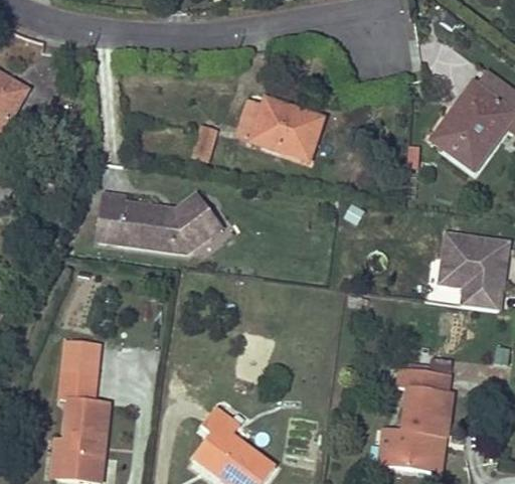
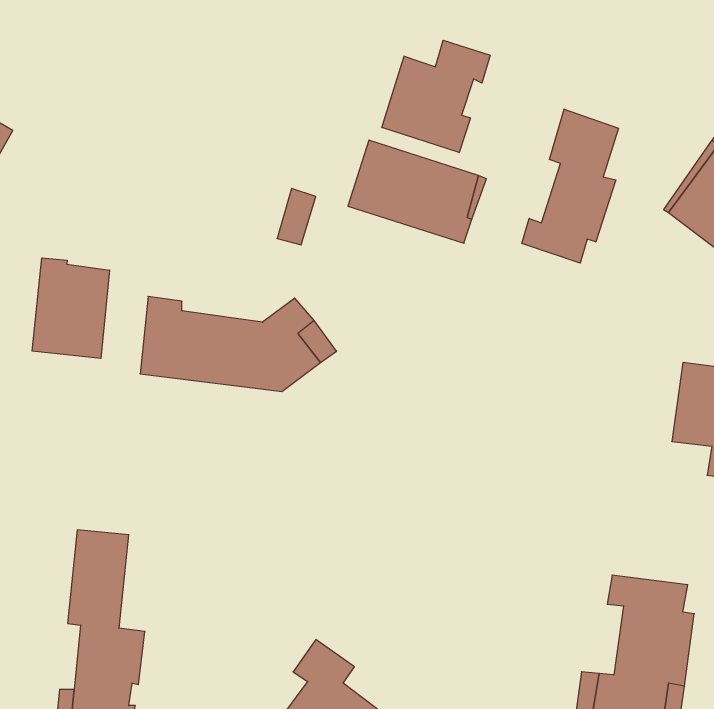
building: none -> [382,40,490,153]
building: none -> [522,109,618,263]
building: none -> [32,258,110,358]

